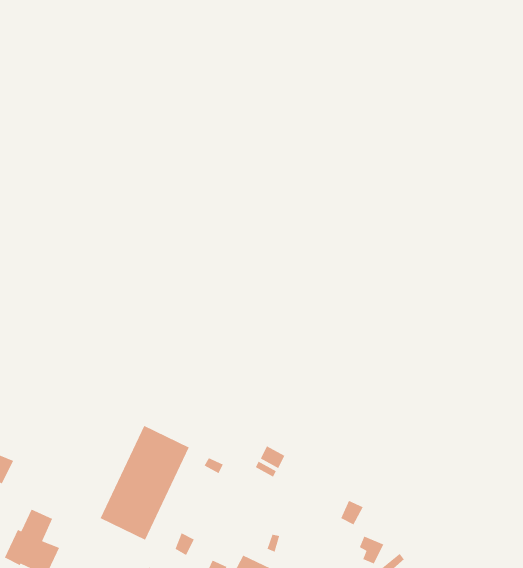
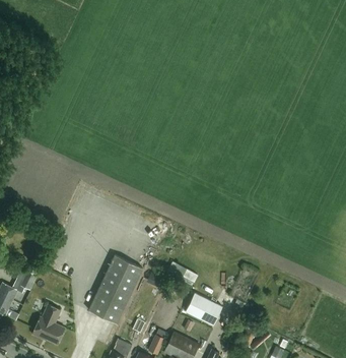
building: none -> [185,293,222,325]

